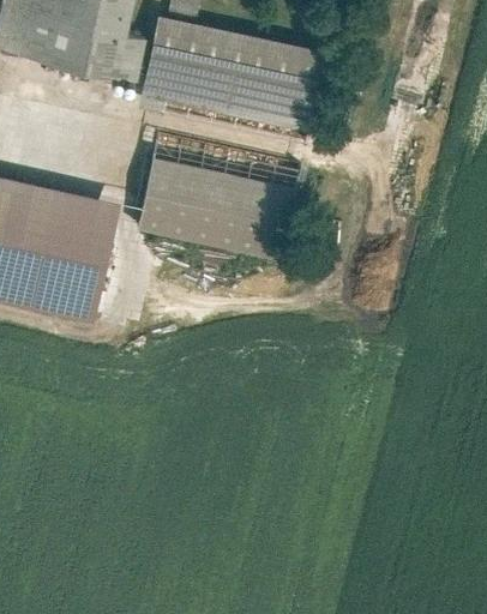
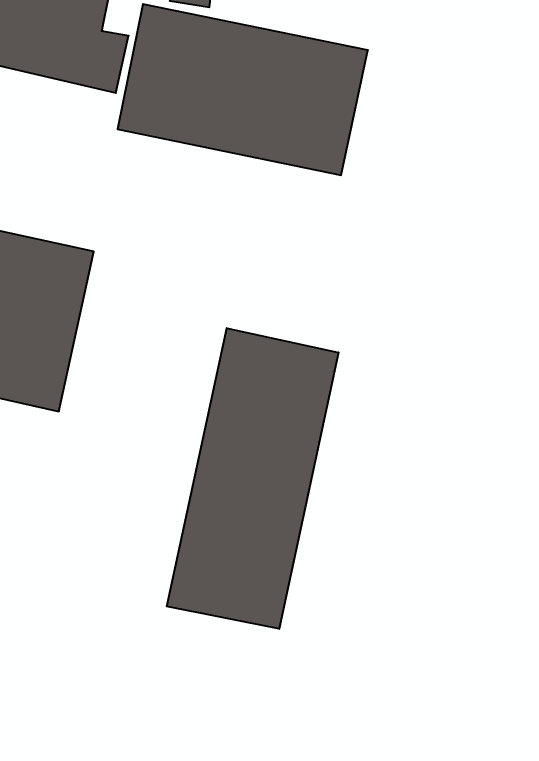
building: [136,140,294,260] -> none
building: none -> [167,328,339,629]

